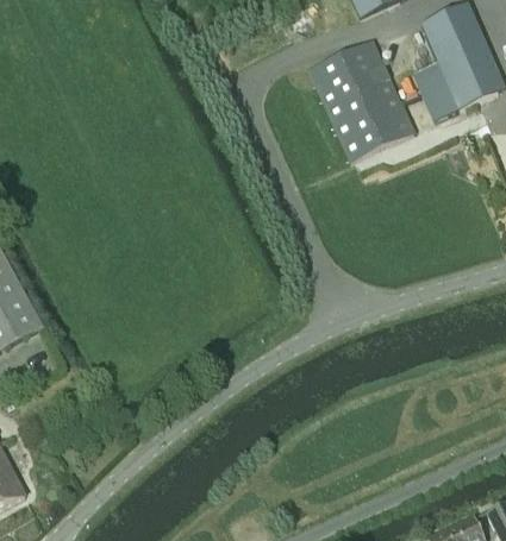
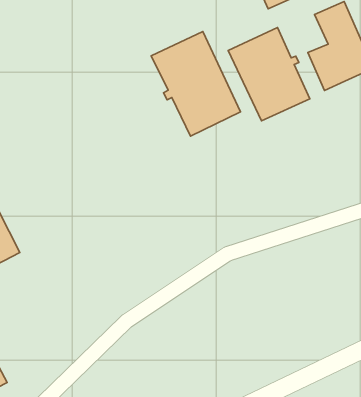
building: none -> [151,31,241,136]

